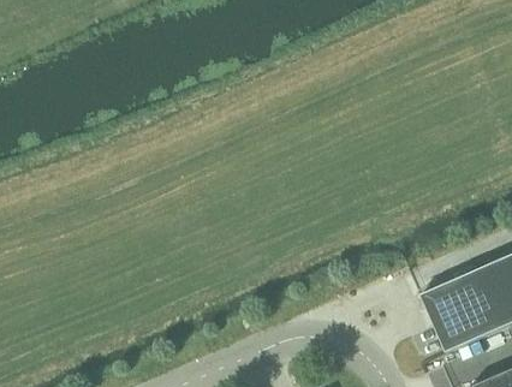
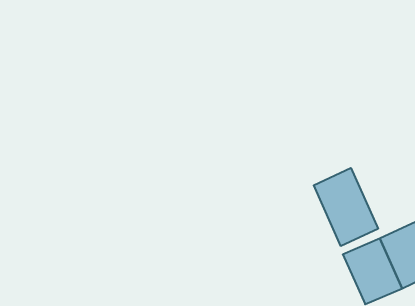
building: none -> [314,168,378,246]

